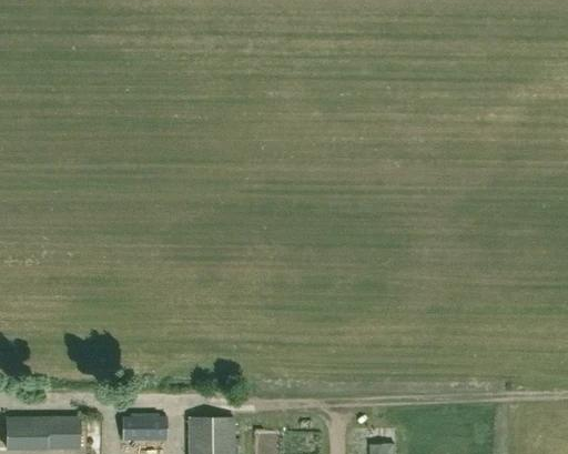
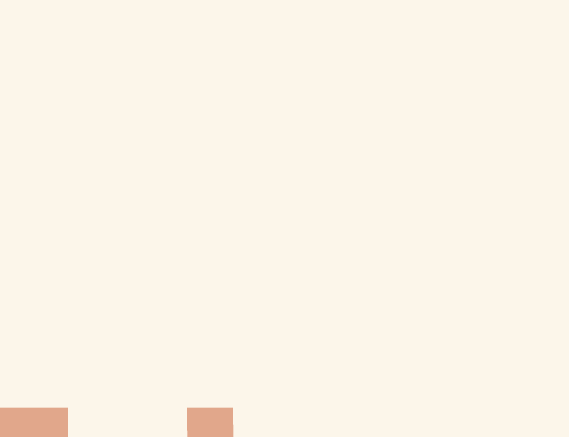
building: [122,417,168,440] -> none

